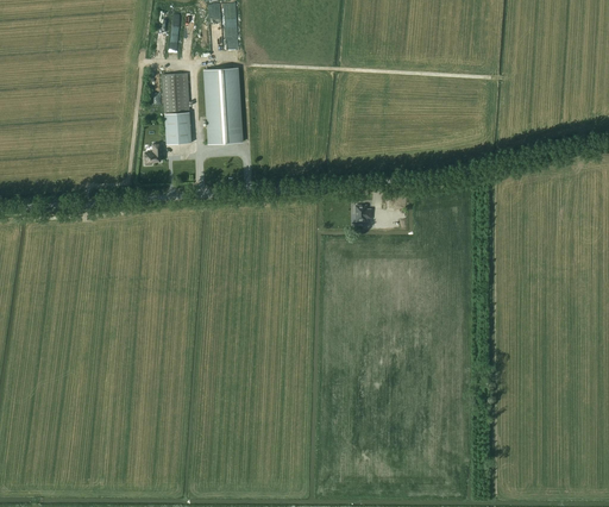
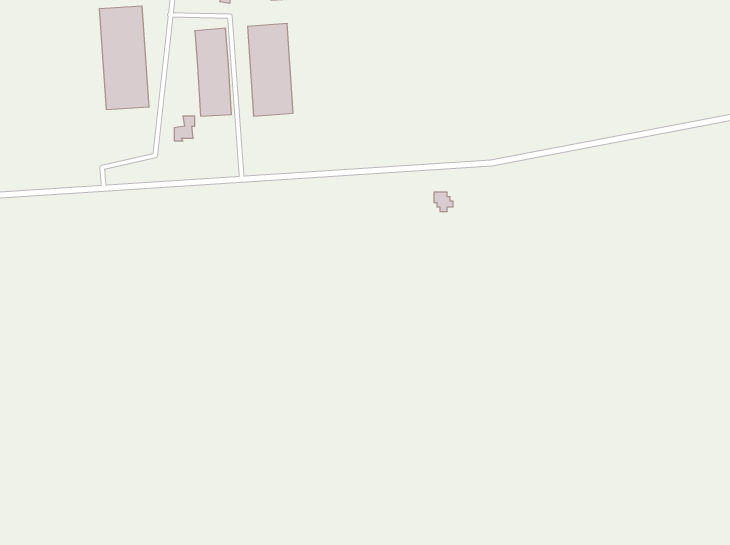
building: none -> [100,6,149,110]

